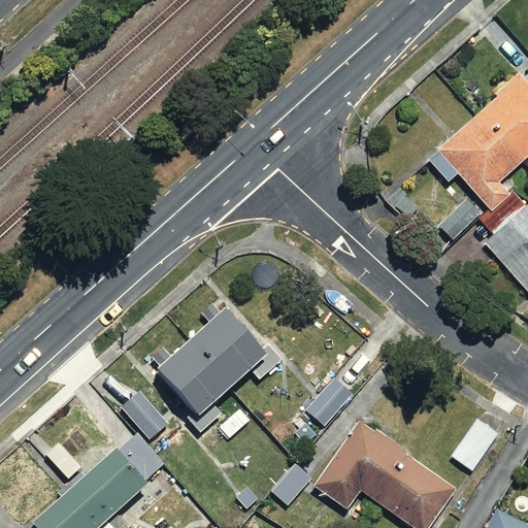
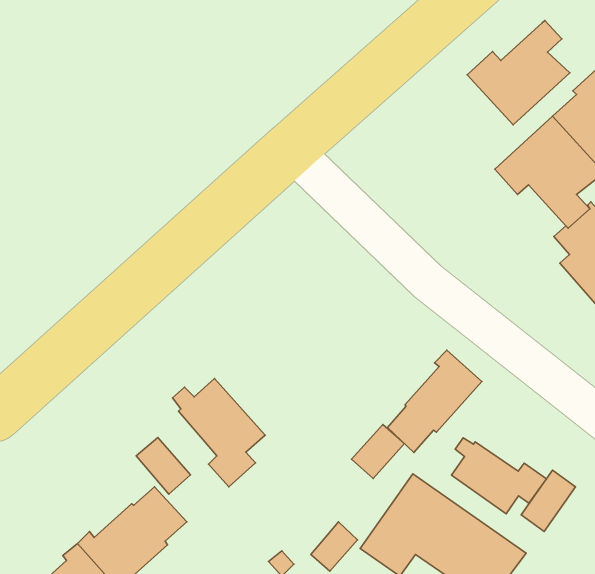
building: none -> [467,21,570,125]
building: [189,304,283,389] -> none
building: none -> [387,350,482,452]
building: none -> [452,438,546,514]

